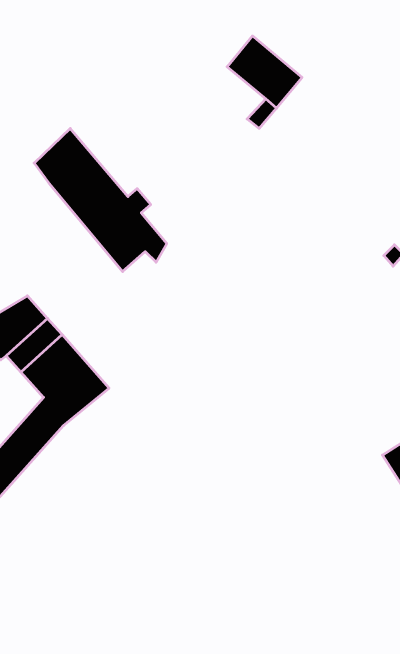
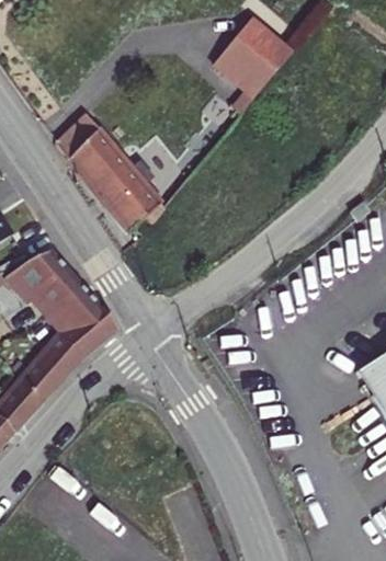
building: none -> [235,16,291,70]

